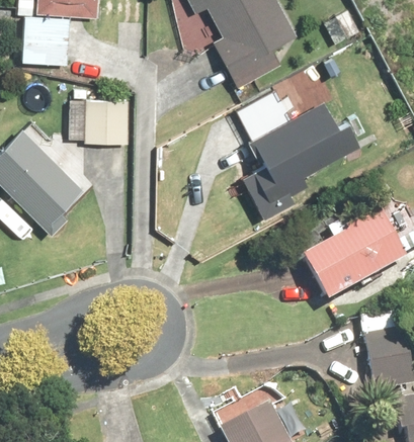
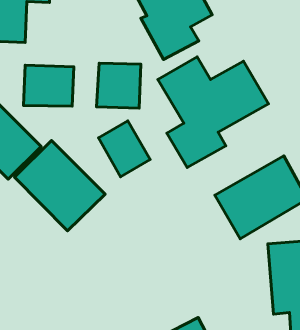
building: none -> [97,63,141,108]
building: none -> [99,121,150,177]
building: none -> [15,140,105,231]

